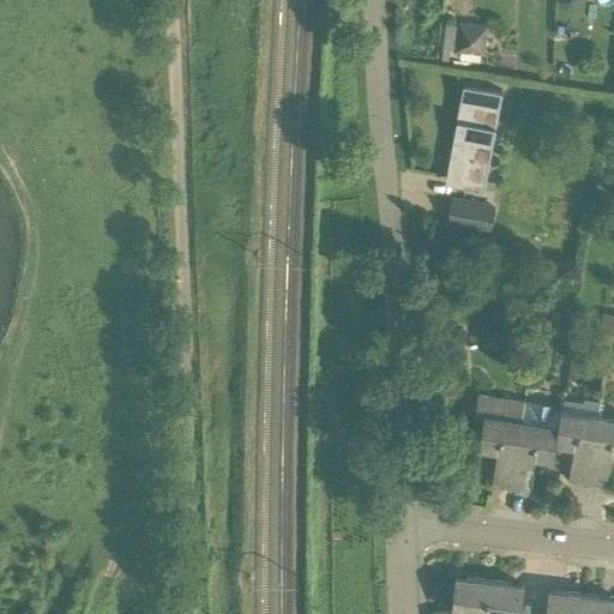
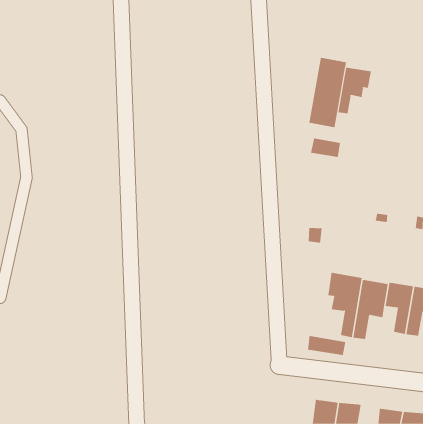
building: [458,23,487,53] -> none
building: none -> [338,67,372,114]
building: none -> [308,335,346,356]

